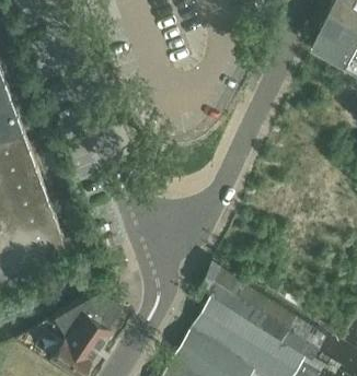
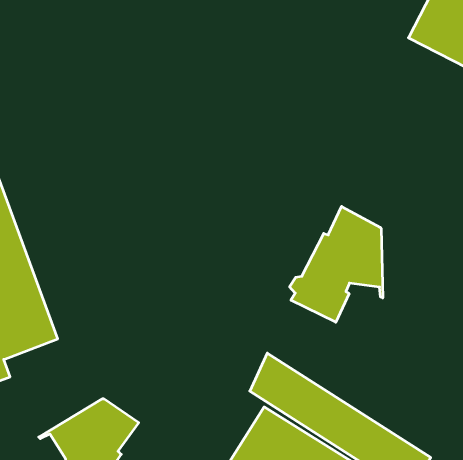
building: none -> [290,206,383,322]

